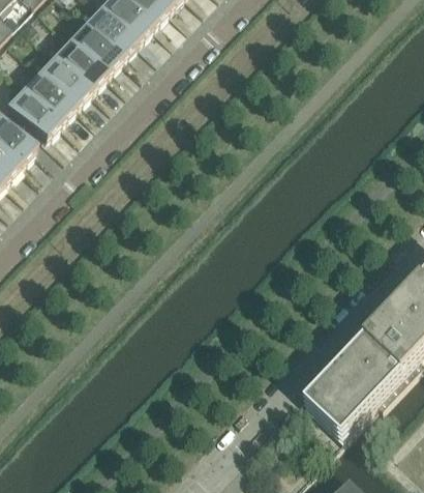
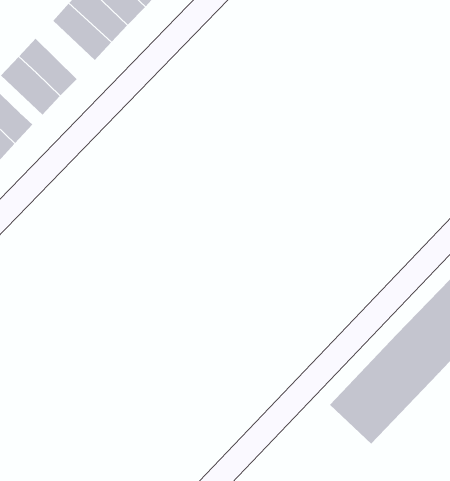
building: [38,53,92,106] -> none

